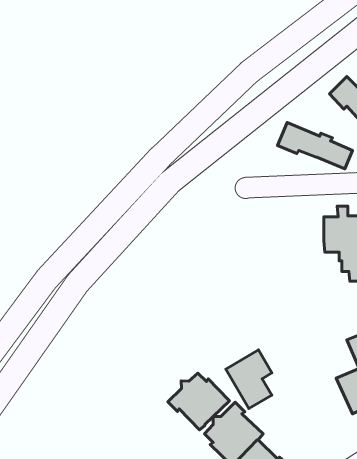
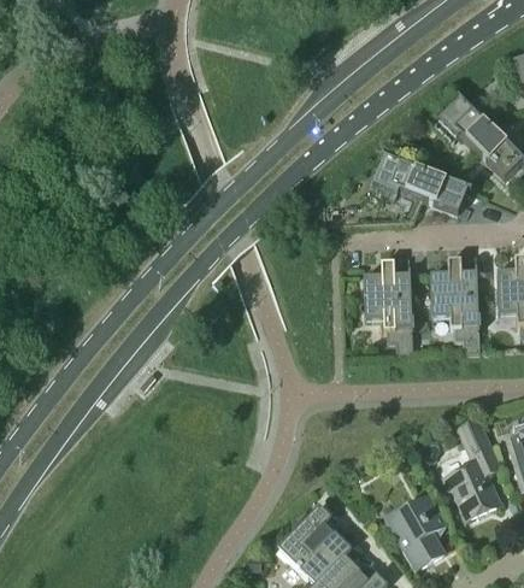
building: none -> [364,261,414,357]
building: [226,350,272,409] -> [388,495,446,569]
building: [168,373,229,430] -> none

